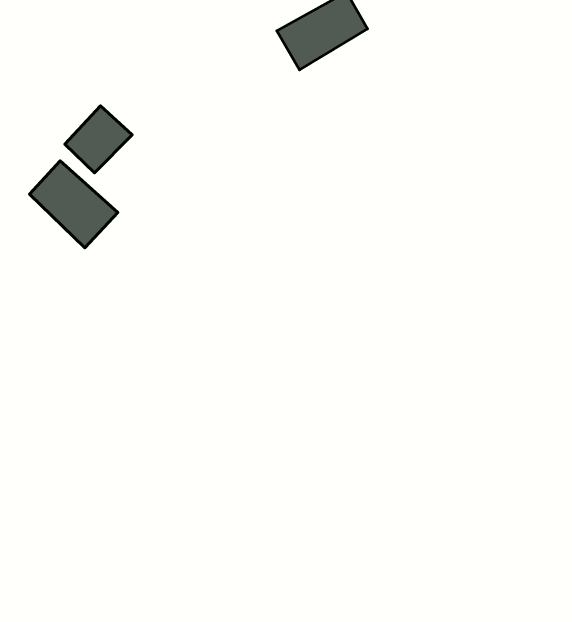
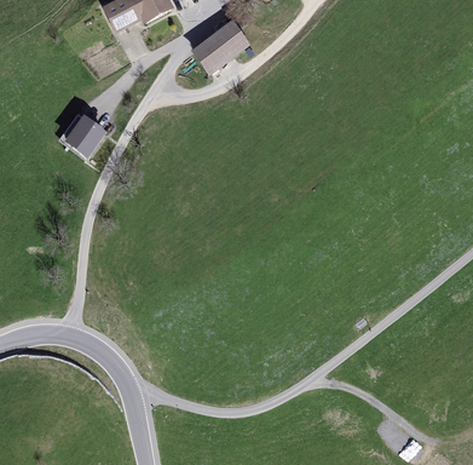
building: [30,161,118,248] -> none

